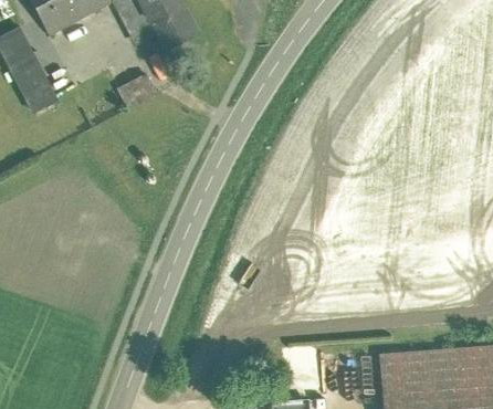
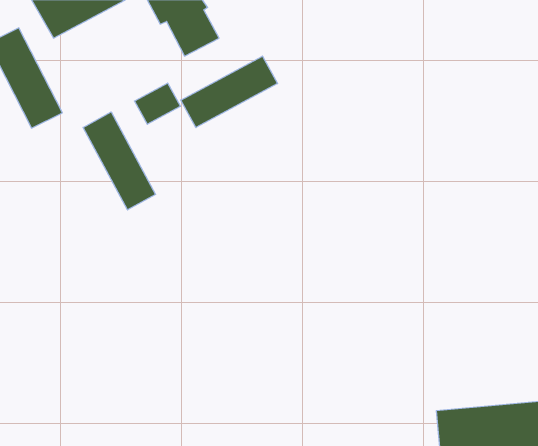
building: none -> [181,56,278,128]
building: none -> [83,112,156,210]

